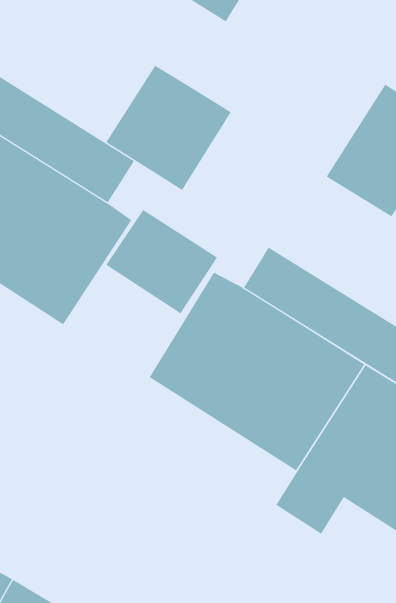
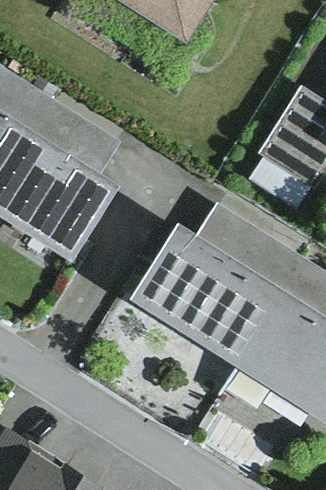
building: [105,65,232,191] -> none
building: [105,209,218,314] -> none

